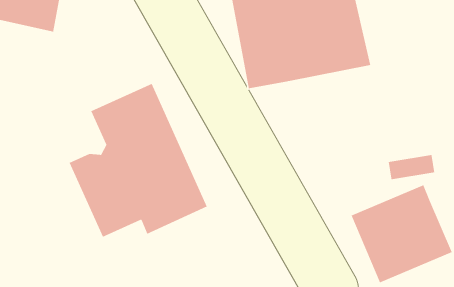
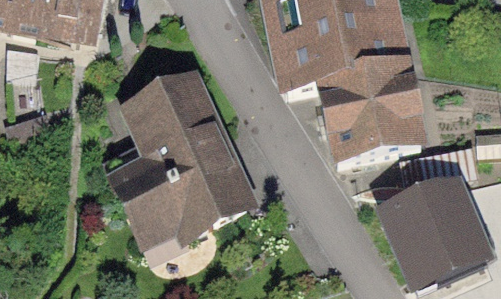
building: none -> [323,71,419,161]

